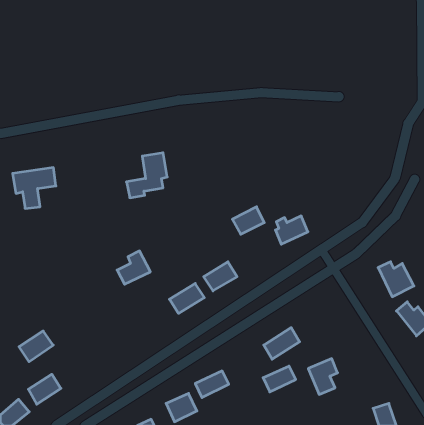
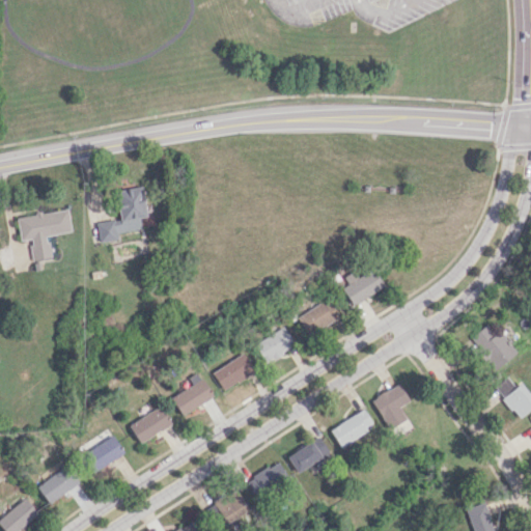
building: [126,153,167,198] -> [97,187,148,243]
building: [232,207,264,234] -> [303,299,342,333]
building: [117,251,150,284] -> [172,373,214,415]
building: none -> [130,407,172,444]
building: [19,331,53,362] -> [83,436,125,474]
building: [308,359,338,394] -> [373,385,410,429]
building: [263,366,296,392] -> [287,440,328,472]

